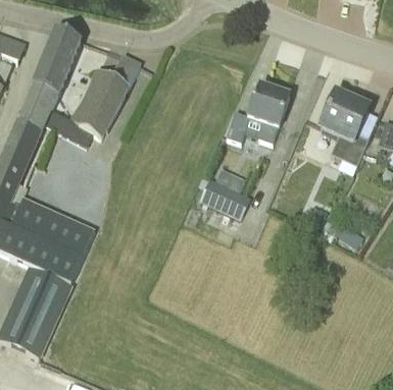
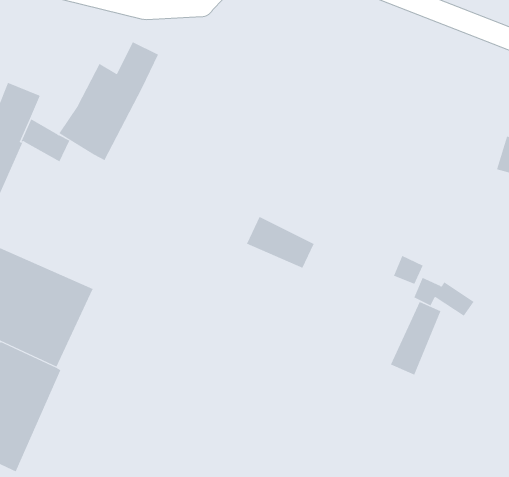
building: [35,30,81,92] -> none
building: [227,83,289,142] -> none
building: [320,91,378,165] -> none
building: none -> [390,301,441,375]

